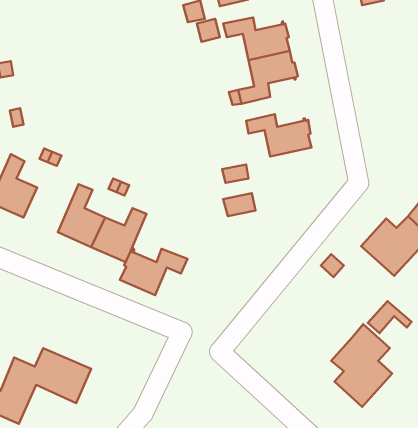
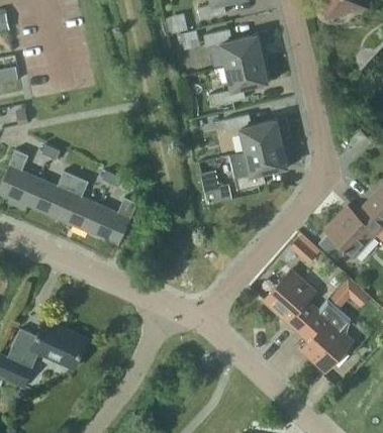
building: none -> [236,144,288,191]
building: none -> [27,172,76,219]
building: [120,249,187,295] -> none
building: none -> [263,272,316,332]

